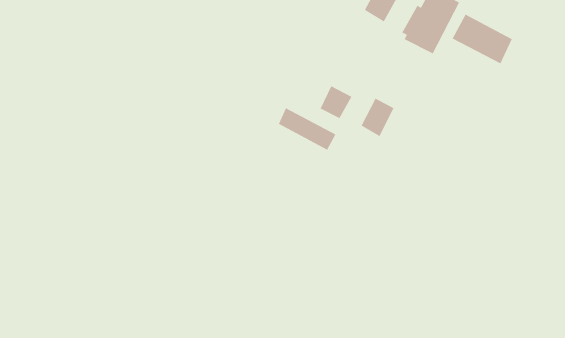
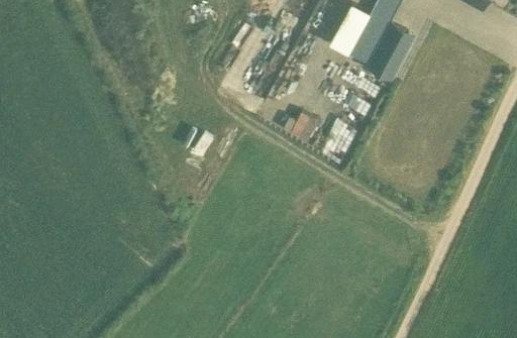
building: [451,13,513,64] -> none
building: [278,107,337,151] -> none

